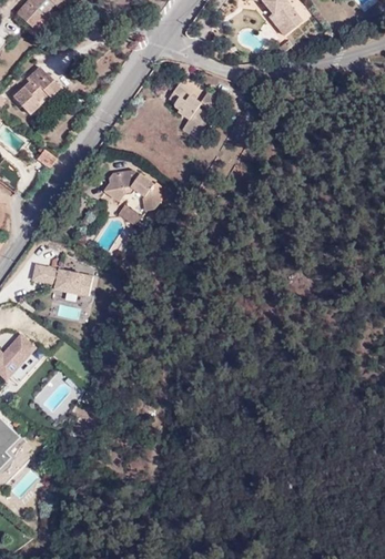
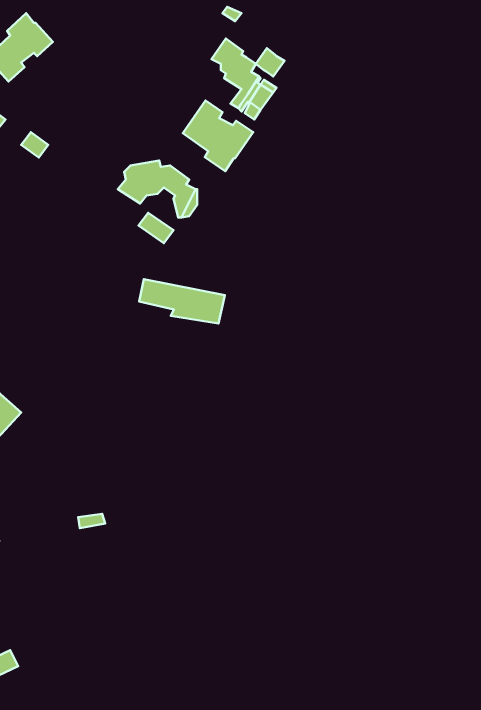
building: none -> [183,101,253,171]
building: [30,263,90,294] -> [139,279,225,324]

